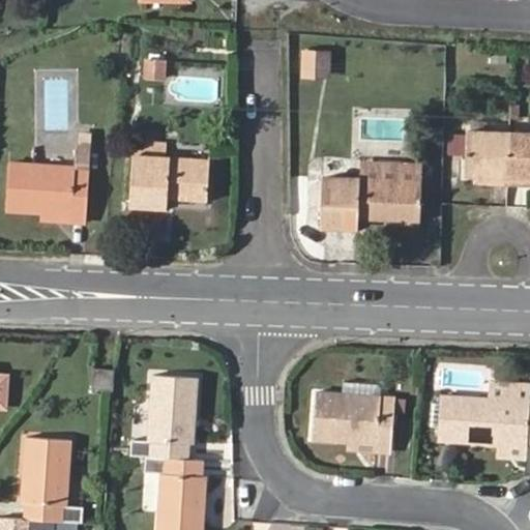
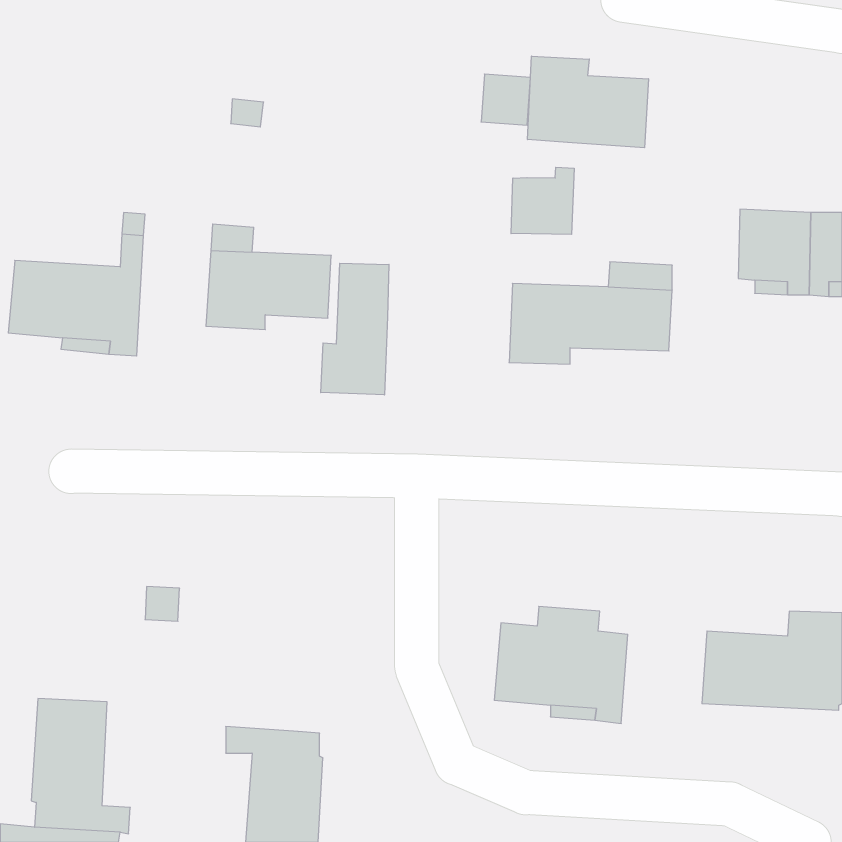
building: none -> [528,56,648,148]
building: none -> [511,167,574,234]
building: none -> [321,263,389,395]
building: [128,376,196,460] -> none

